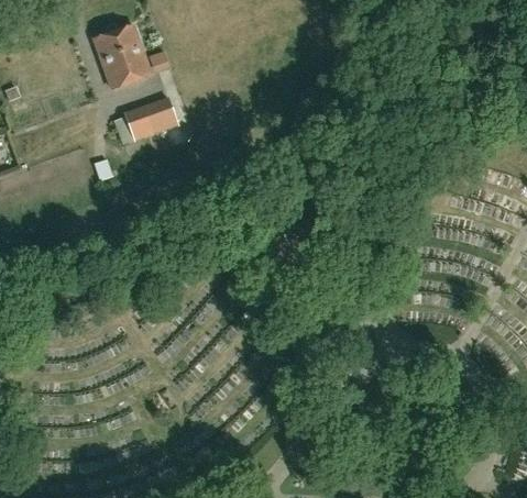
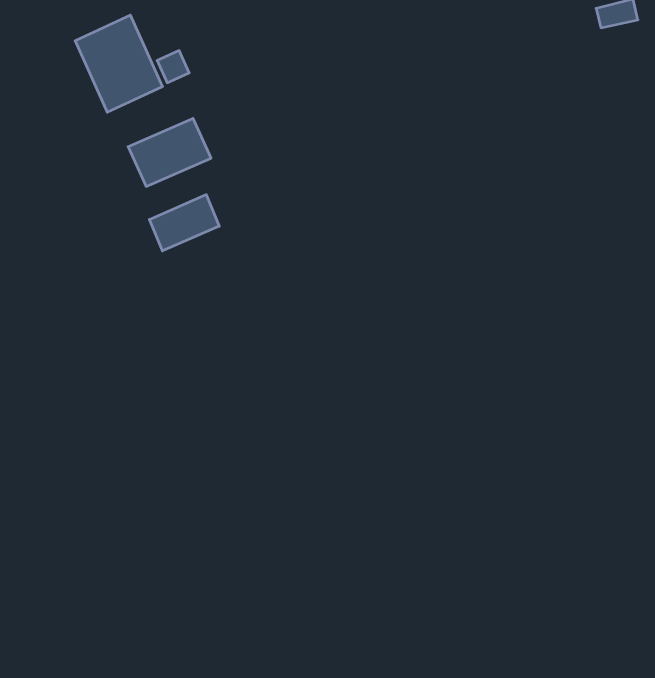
building: none -> [149,195,219,251]

